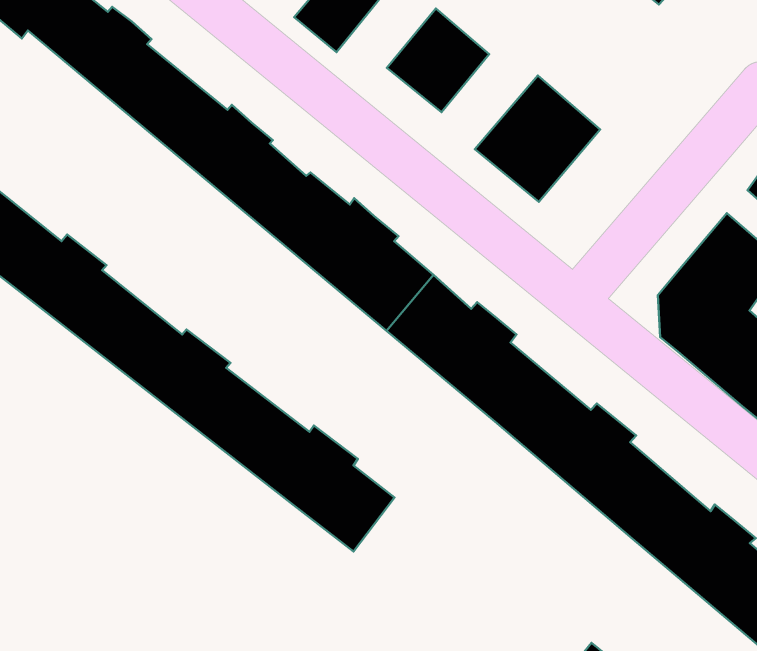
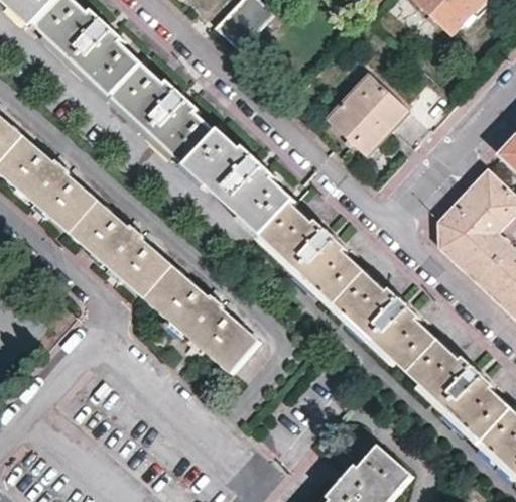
building: [387,9,489,112] -> none

